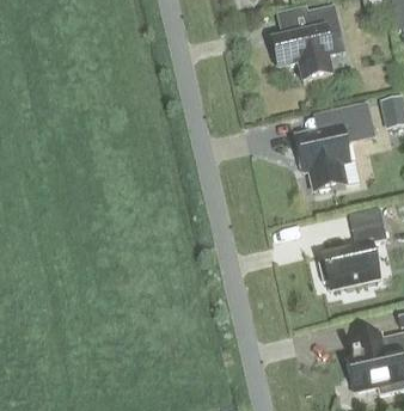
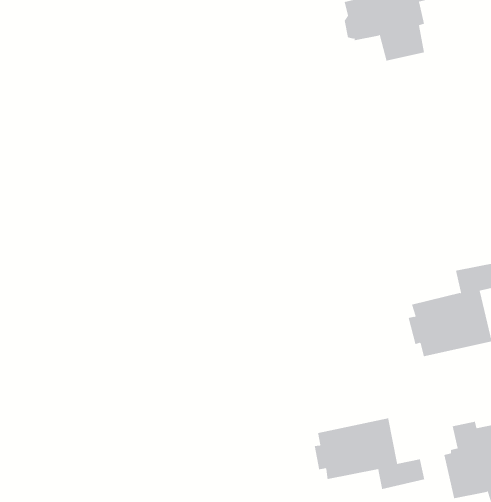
building: [296,103,374,191] -> none
building: none -> [314,417,425,490]

